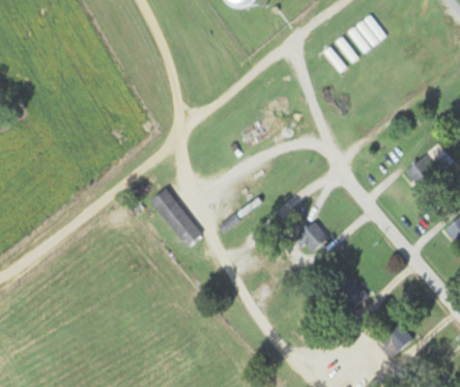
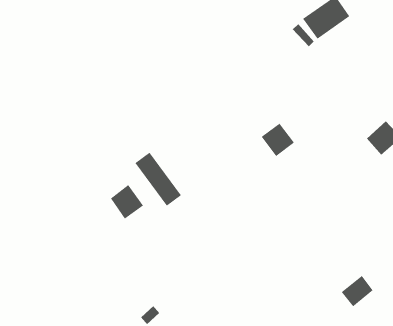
building: [292,216,329,253] -> [261,123,295,157]
building: none -> [110,184,144,219]

